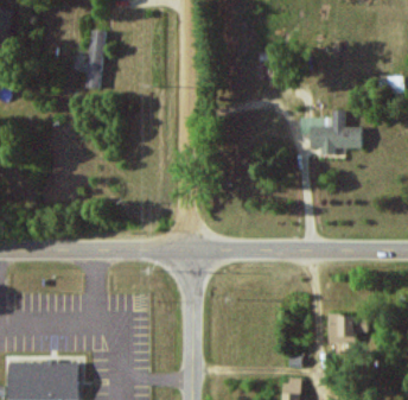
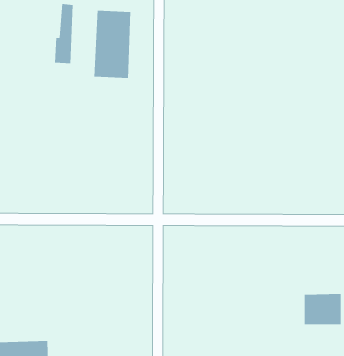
building: none -> [94,10,131,79]
building: [300,109,362,153] -> none

